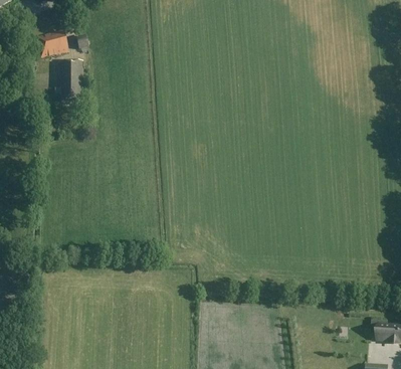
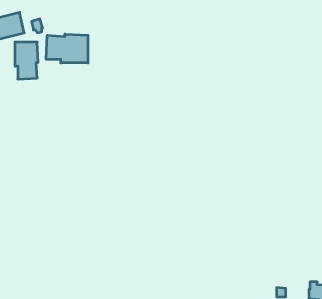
building: none -> [46,34,88,63]

